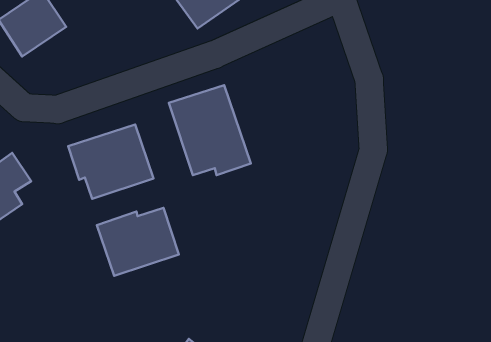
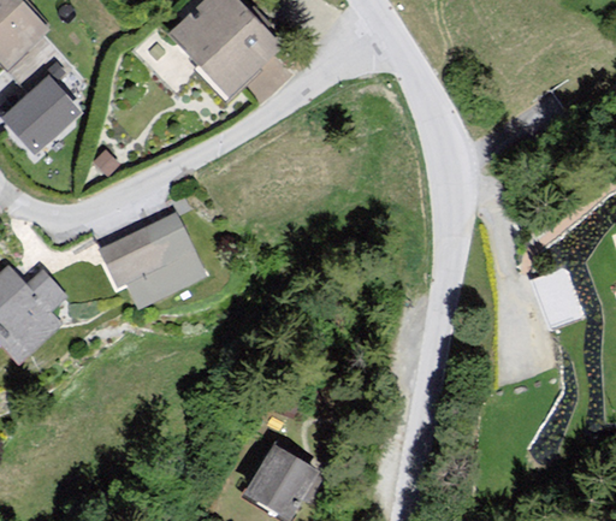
building: [169,85,251,175] -> none
building: [97,208,179,276] -> none

